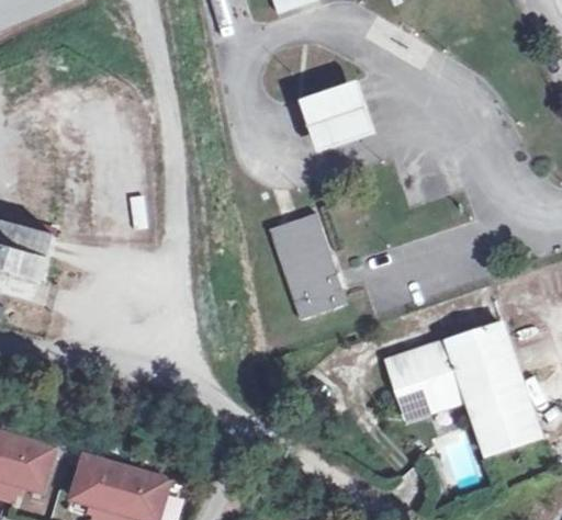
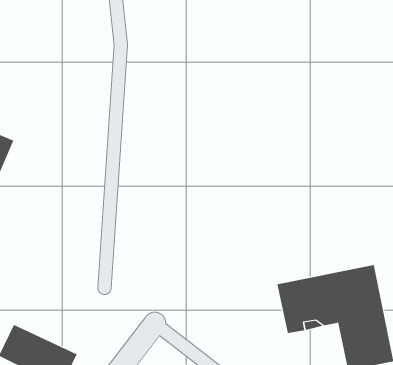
building: [303,87,375,156] -> none
building: [270,215,348,320] -> none

